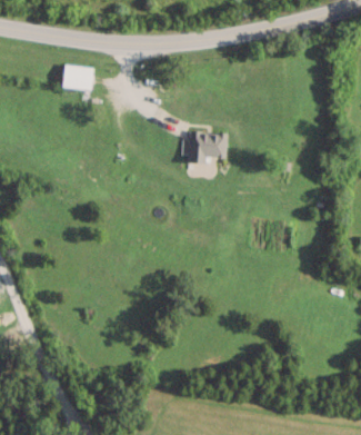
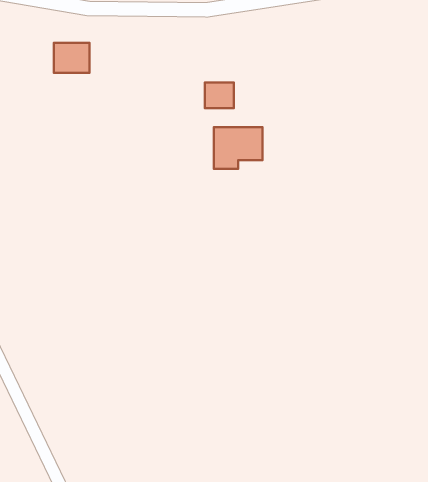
building: none -> [205,83,234,108]

